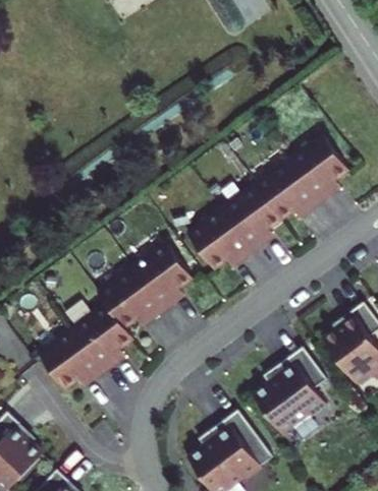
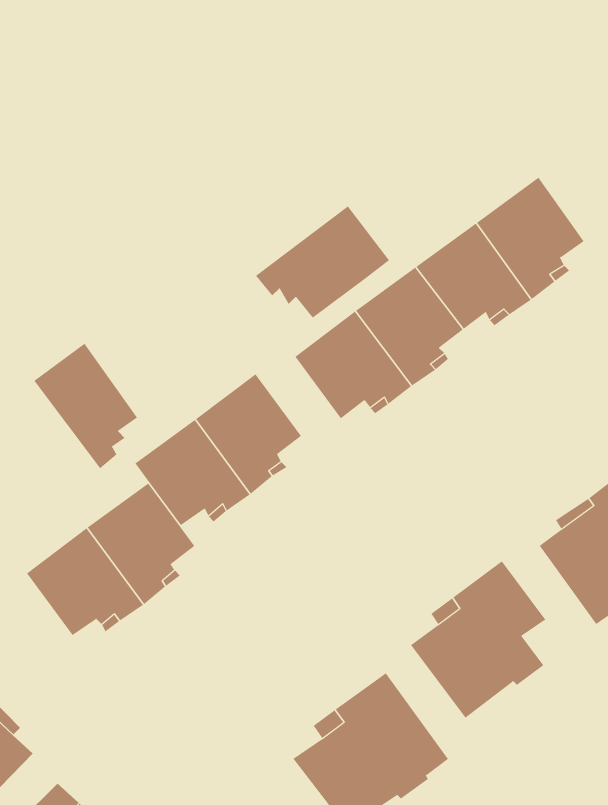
building: none -> [255,205,390,319]
building: none -> [34,343,138,469]

